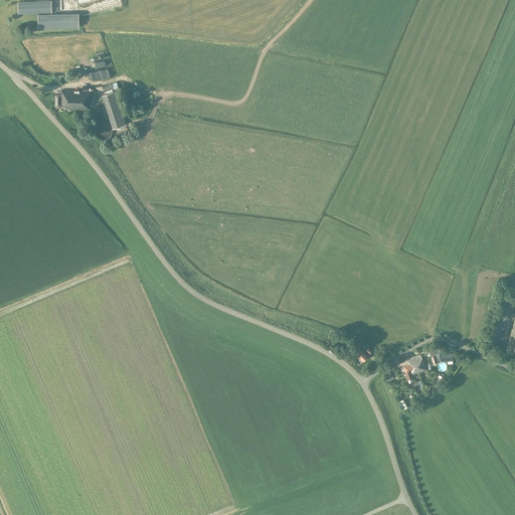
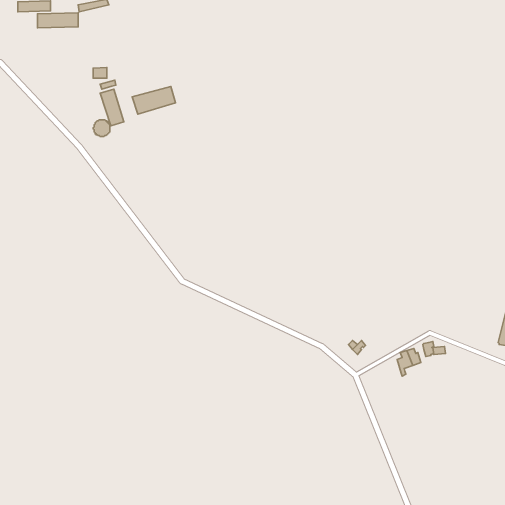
building: [56,85,92,109] -> none
building: none -> [132,87,176,114]

